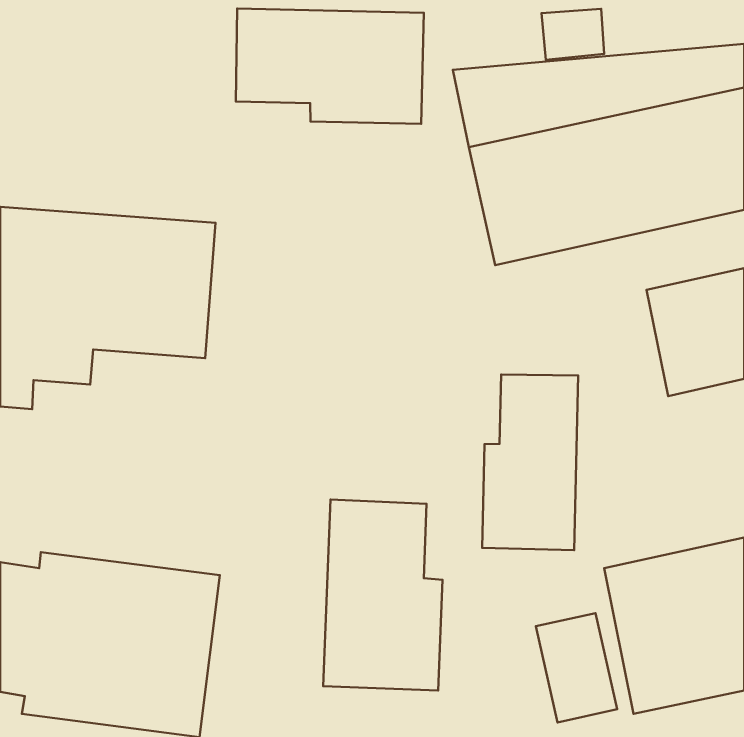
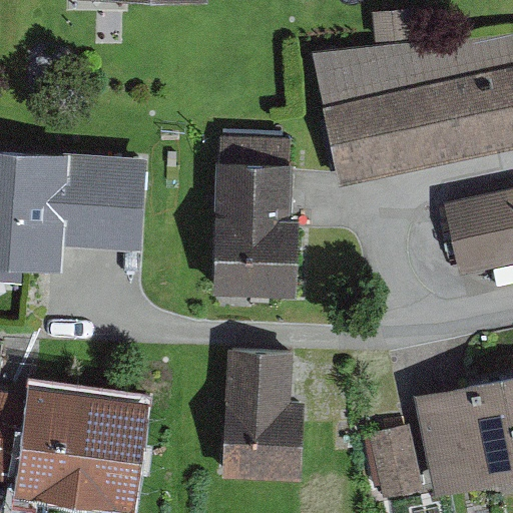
building: [236,8,424,124] -> none
building: none -> [213,138,299,296]
building: [482,374,578,550] -> none

